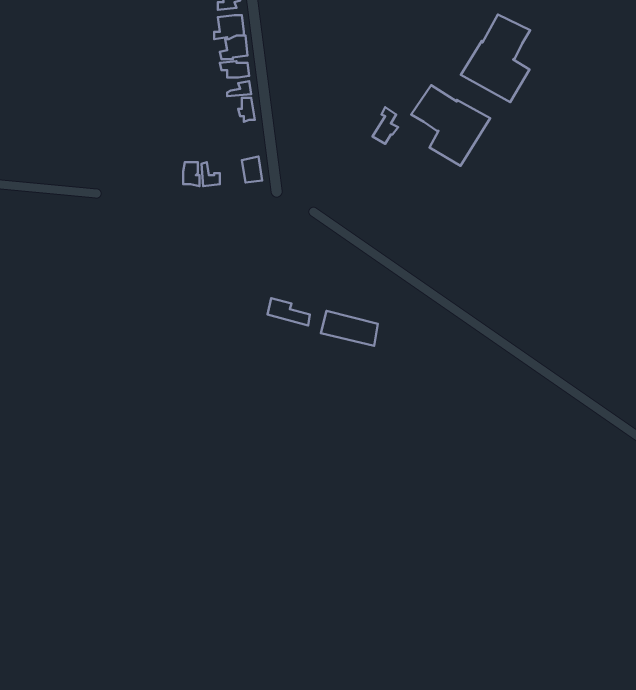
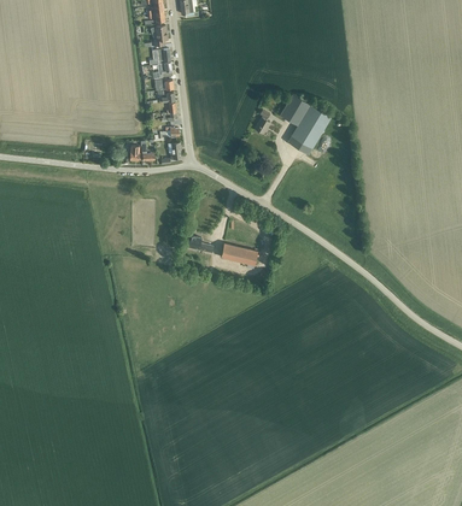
building: [461,14,530,102] -> none

